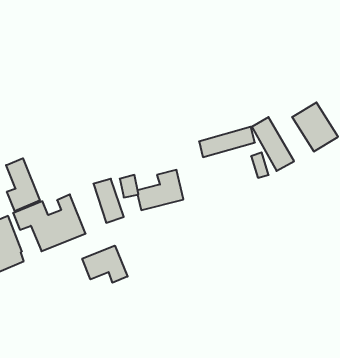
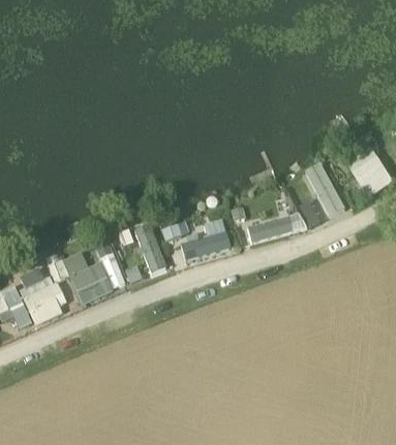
building: [199,127,255,157] -> [246,212,305,244]
building: [6,158,40,211] -> none
building: [82,246,128,283] -> none

